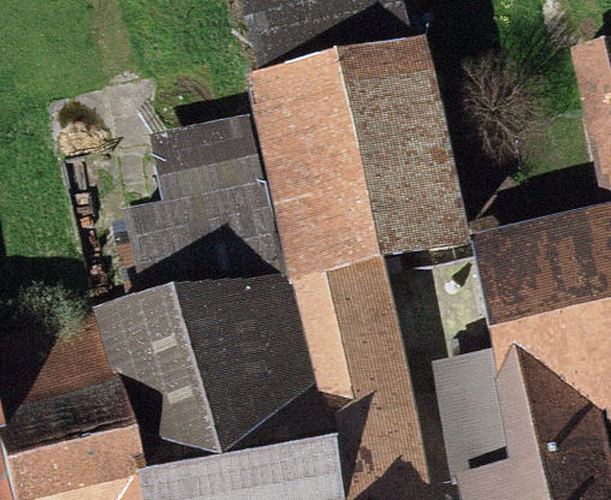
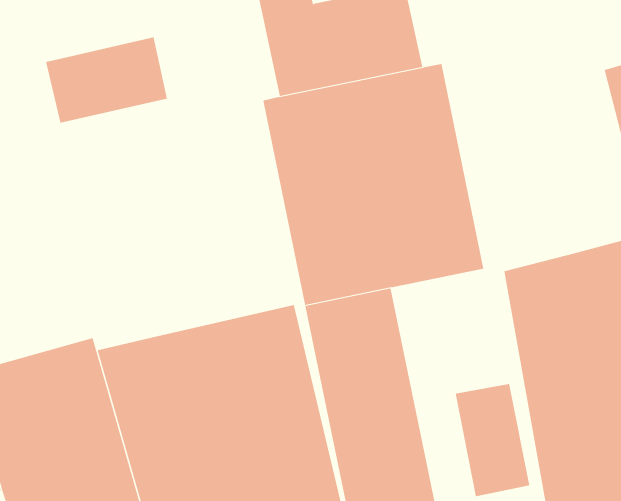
building: none -> [45,37,167,124]
building: [129,126,289,327] -> none

